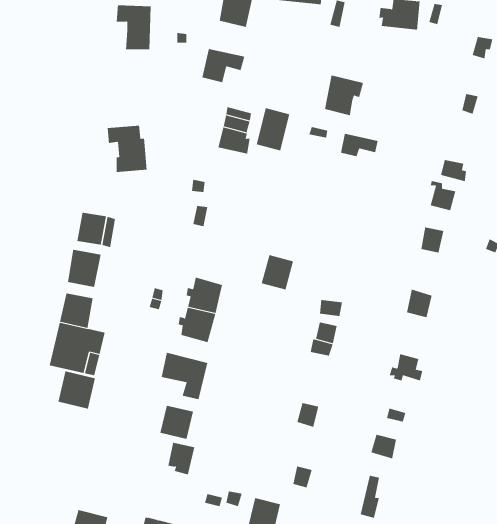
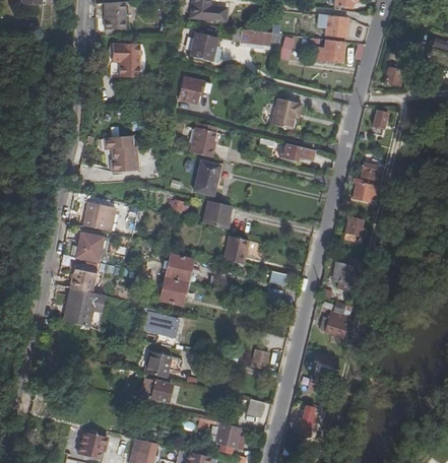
building: [256,108,290,151] -> [193,161,219,195]
building: none -> [202,200,230,228]
building: [58,370,96,409] -> none

